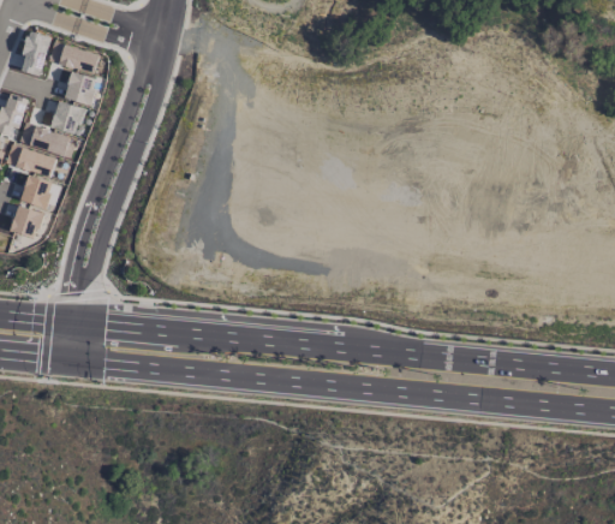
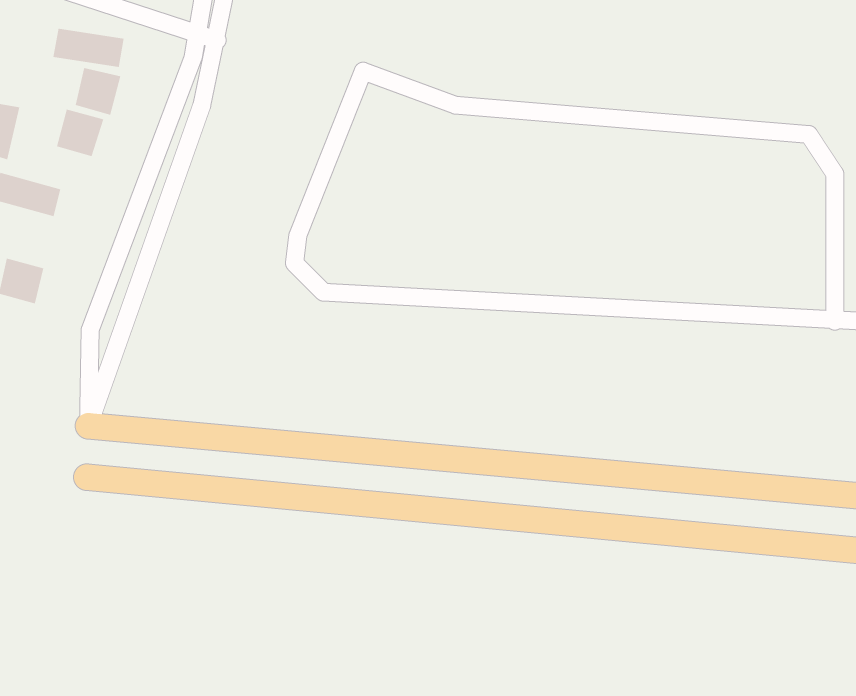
building: [19,30,52,75] -> none
building: [30,126,77,155] -> none
building: [22,174,54,207] -> none

